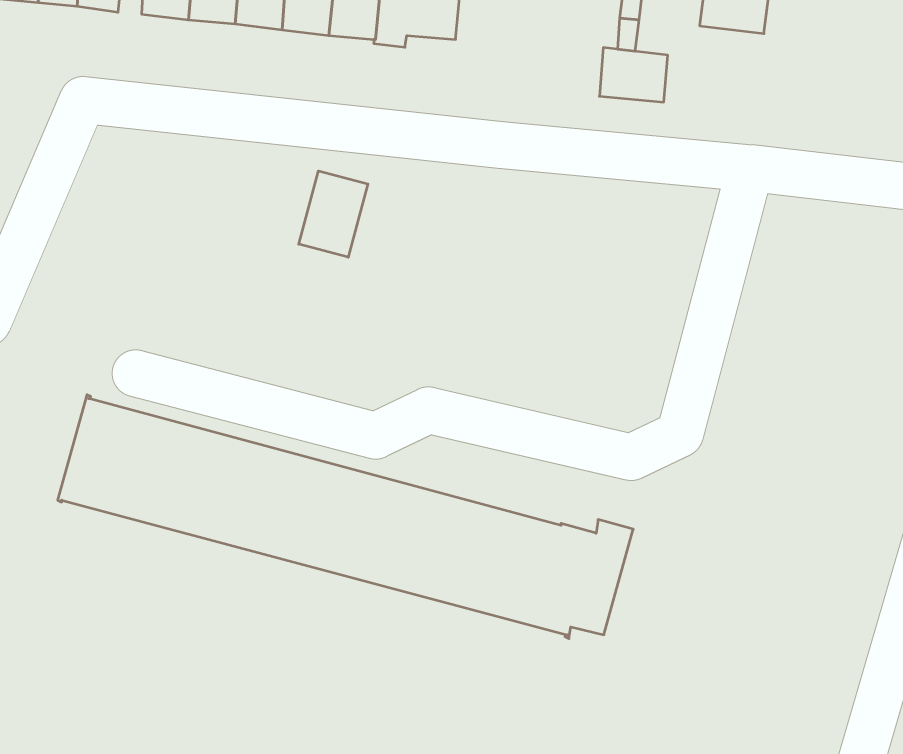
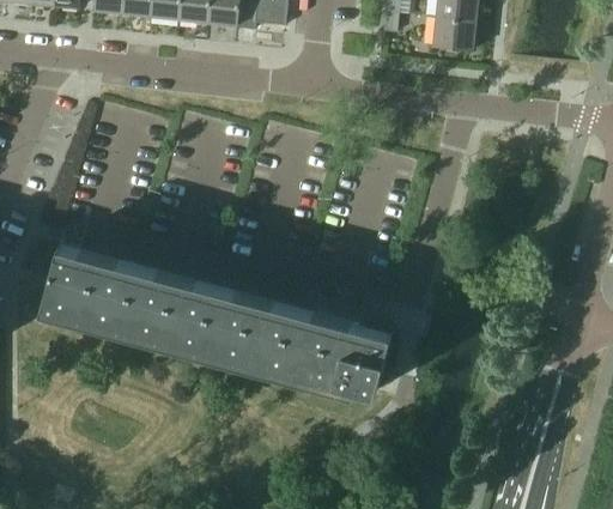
building: [599,48,668,102] -> [431,18,473,51]
building: [299,171,368,257] -> none

